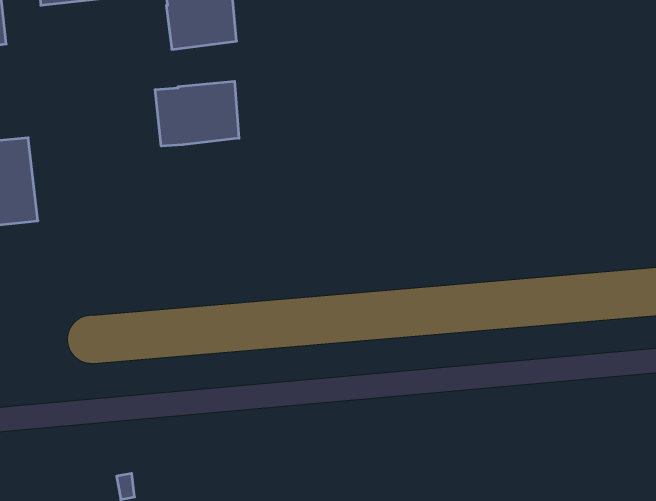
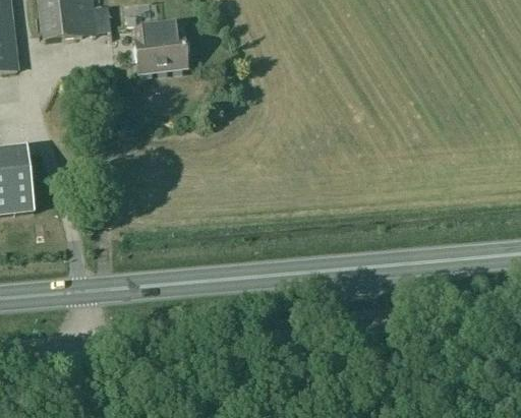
building: [155,81,239,146] -> none

